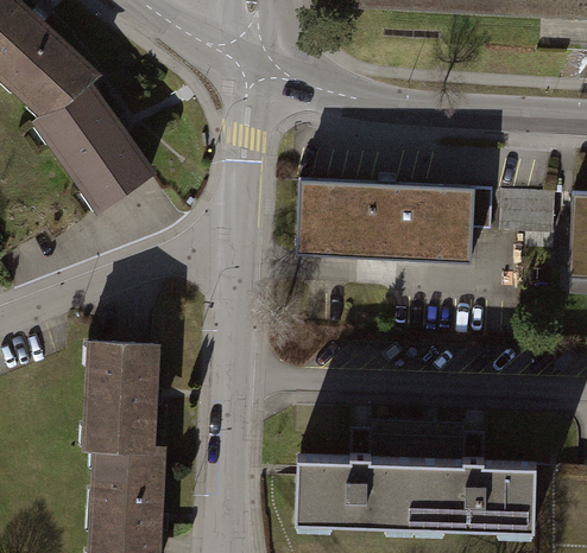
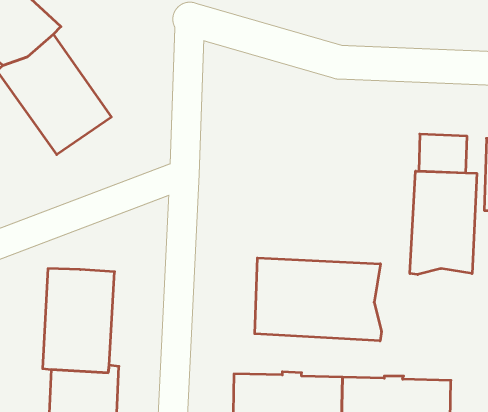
building: [295,189,473,259] -> none
building: none -> [410,171,477,275]
building: none -> [255,258,381,341]

